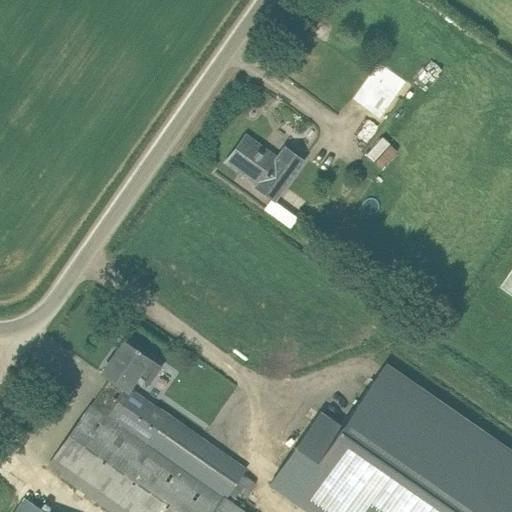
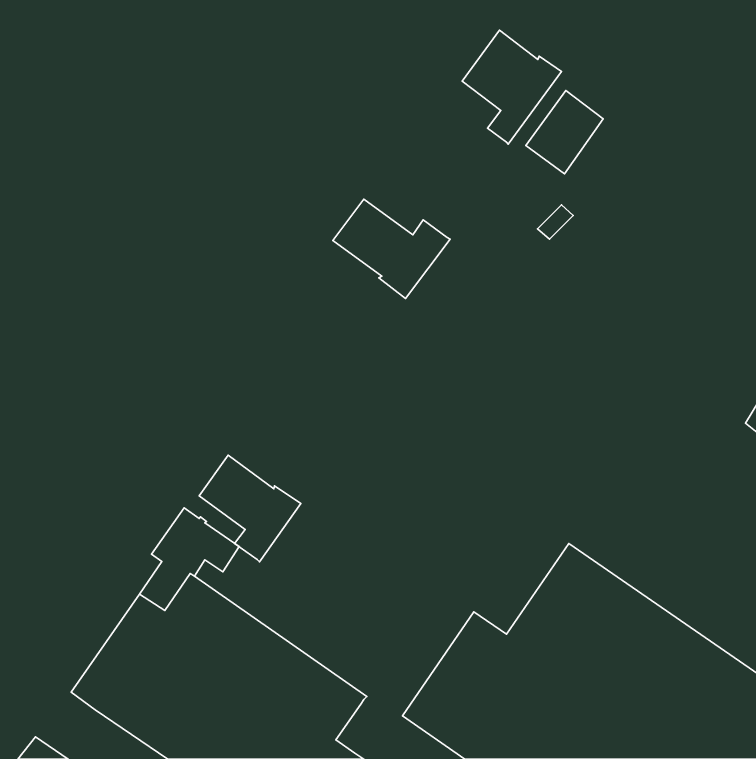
building: none -> [462,30,561,144]
building: none -> [199,455,301,562]

